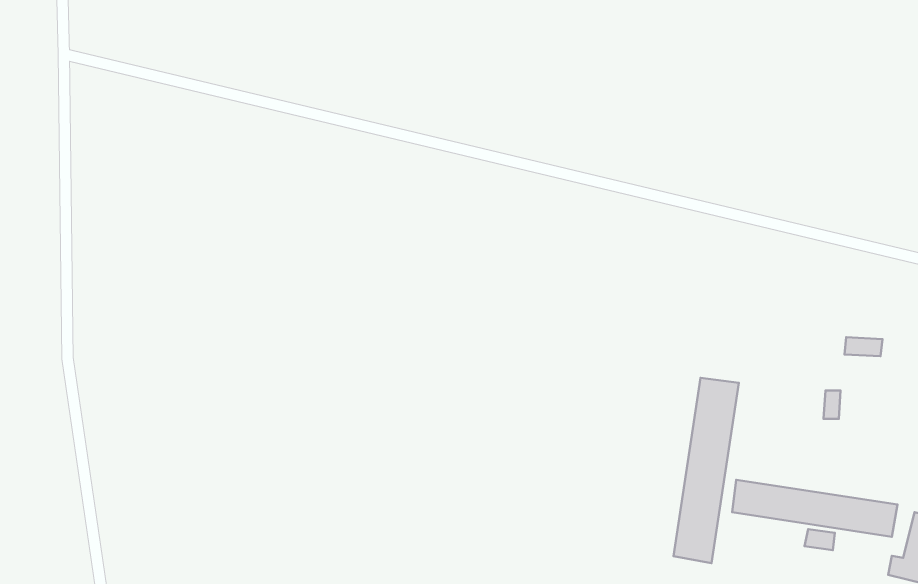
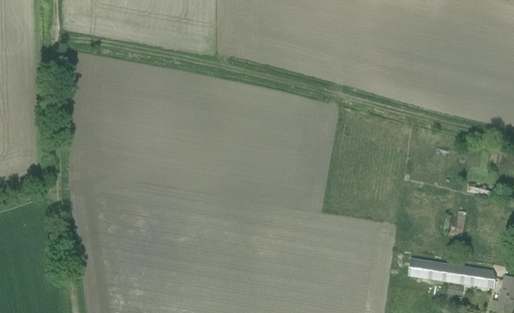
building: [673,378,739,563] -> none

